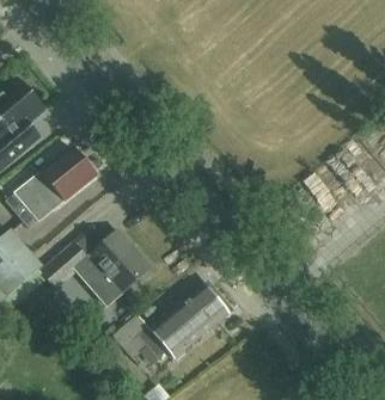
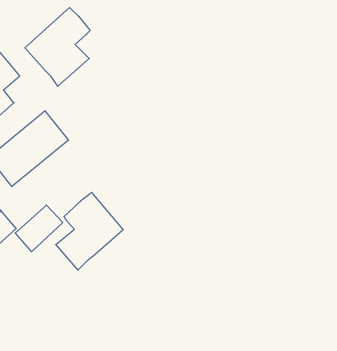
building: none -> [25,8,90,86]
building: [115,283,231,359] -> none

